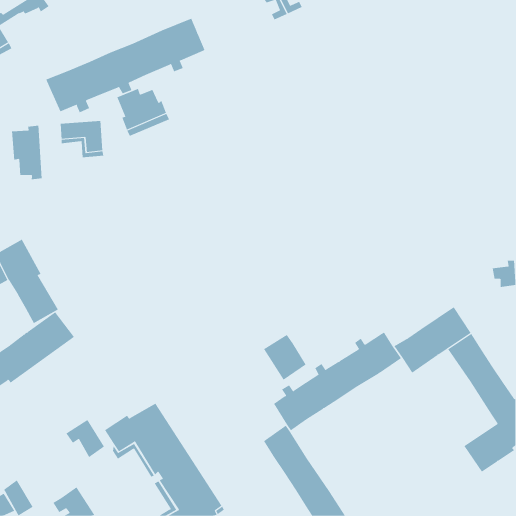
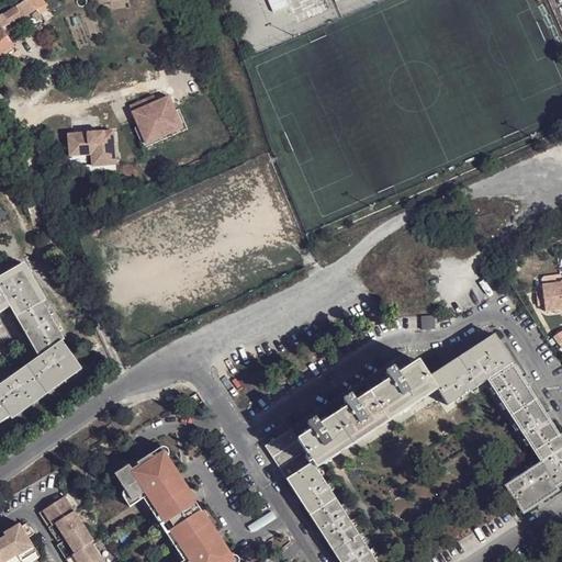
building: [46,18,205,113] -> none
building: [12,125,42,180] -> none
building: [263,334,307,381] -> [263,428,311,479]
building: [65,419,105,458] -> [41,498,83,540]

